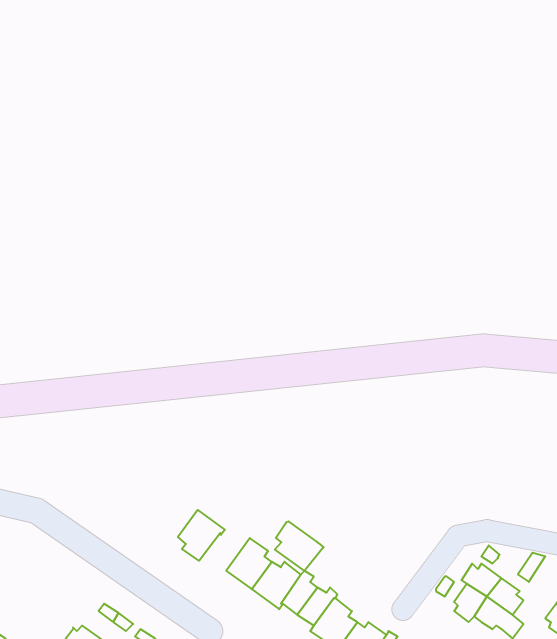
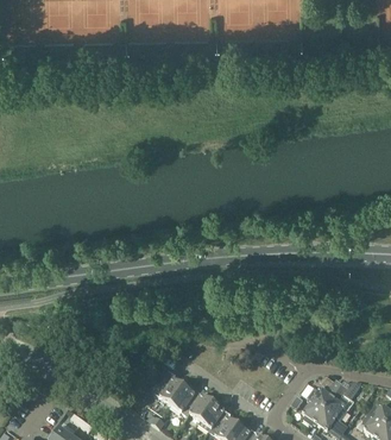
building: [178,510,225,561] -> none
building: [275,521,324,571] -> none

